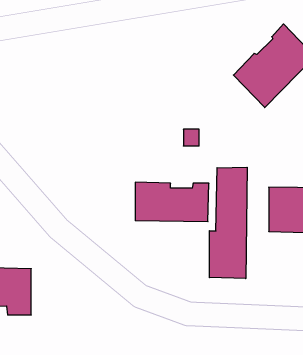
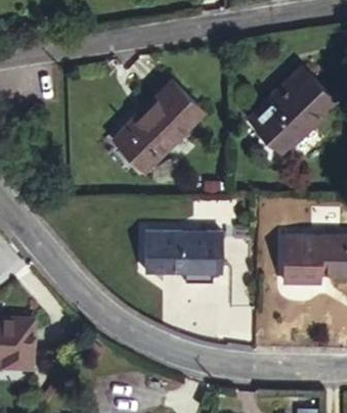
building: none -> [102,81,191,174]
building: [209,167,247,279] -> none

